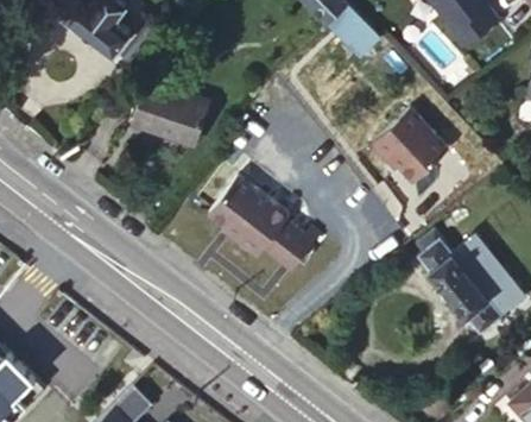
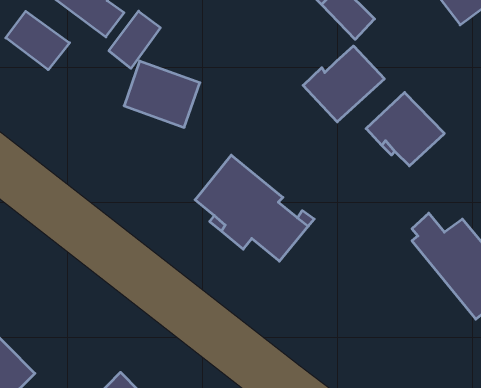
building: none -> [109,11,160,68]
building: none -> [6,11,70,70]
building: none -> [303,46,384,122]

